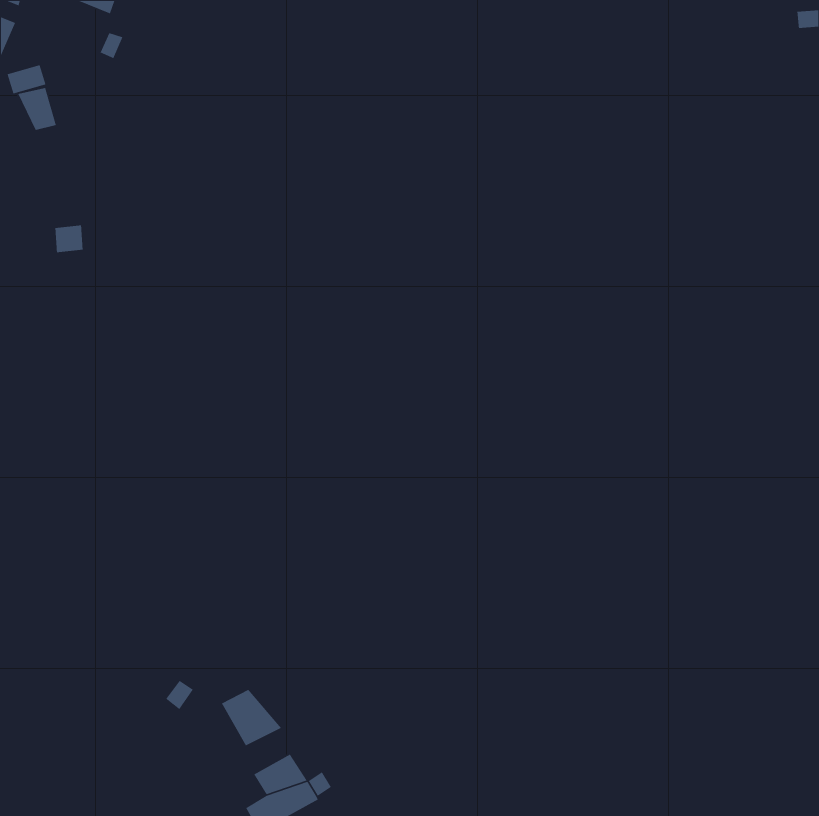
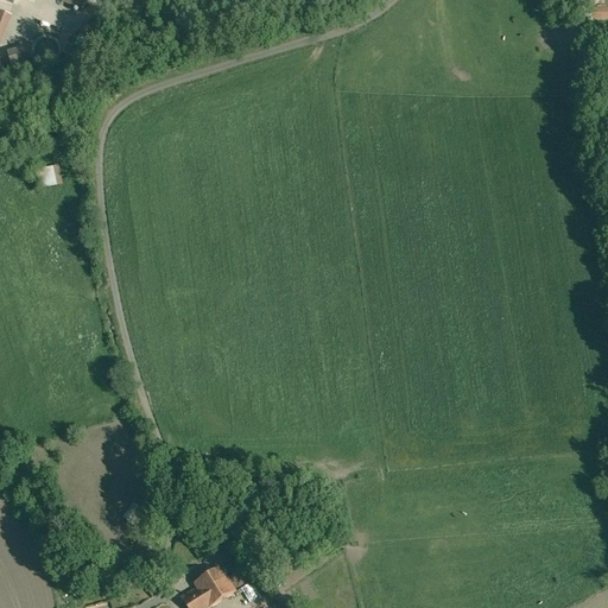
building: [17,87,57,131] -> none
building: [221,689,282,747] -> none

